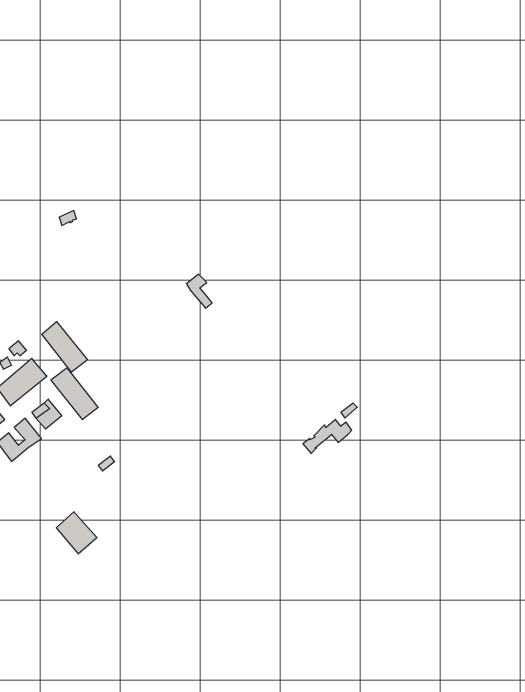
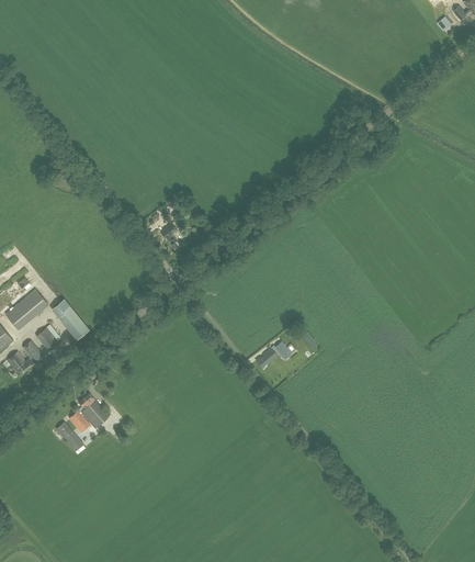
building: [42,322,87,372] -> none
building: none -> [79,393,109,428]

